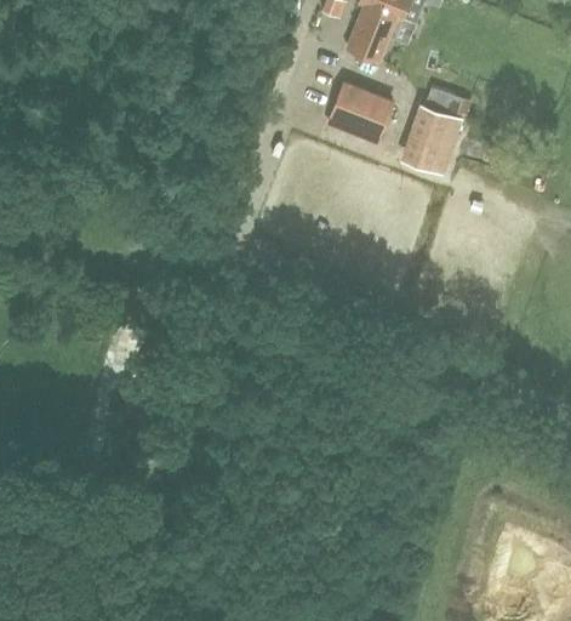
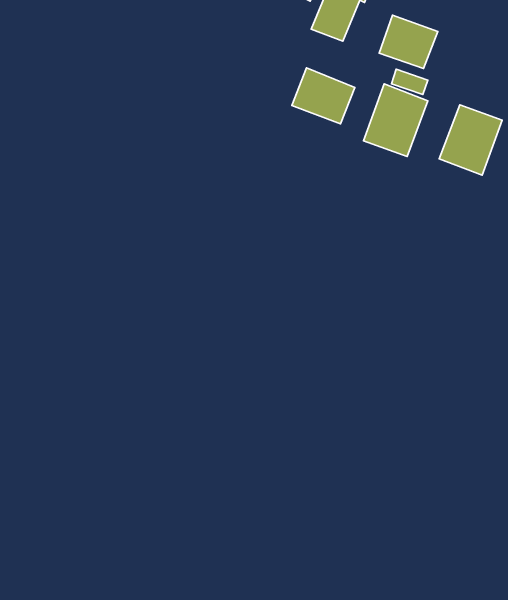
building: none -> [379,15,438,69]
building: none -> [439,105,502,175]

